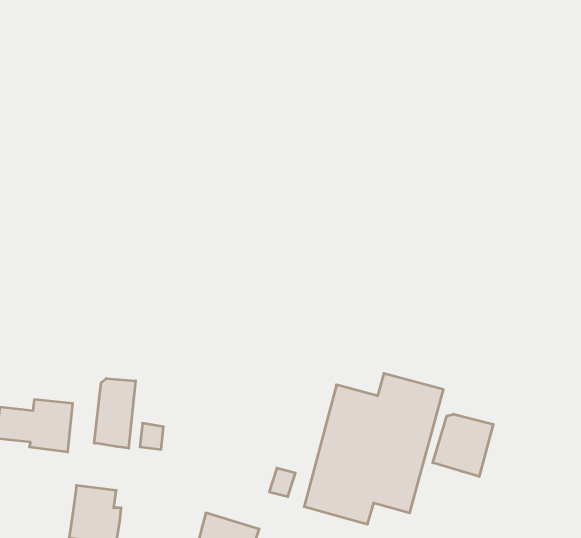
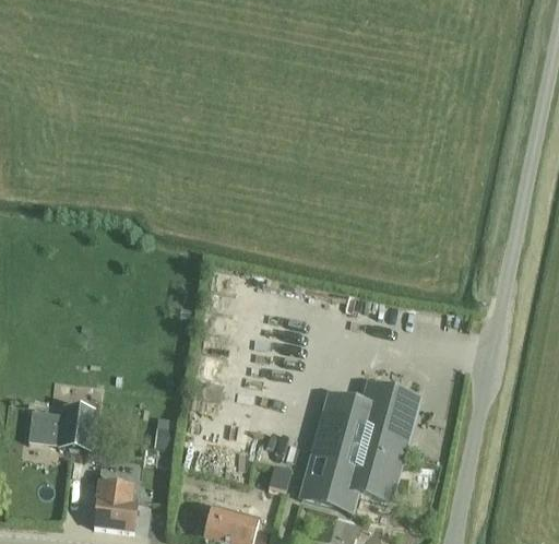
building: [94,378,136,448] -> none
building: [433,414,493,477] -> none

